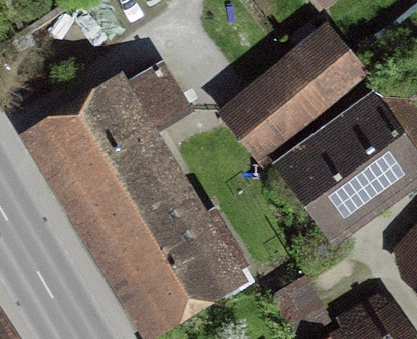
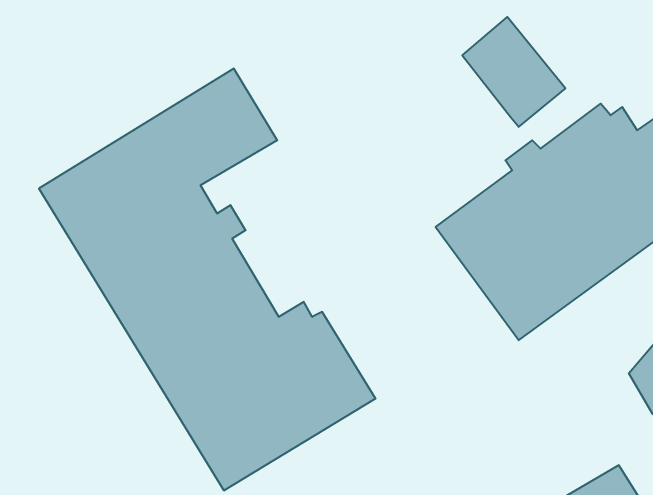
building: [232,58,331,154] -> none

